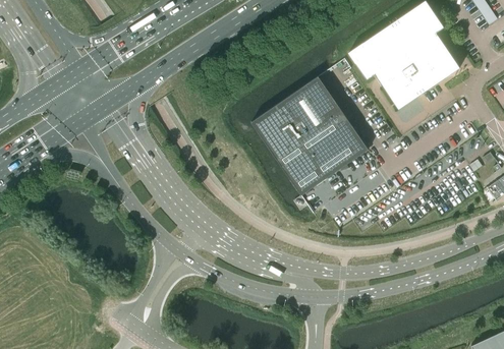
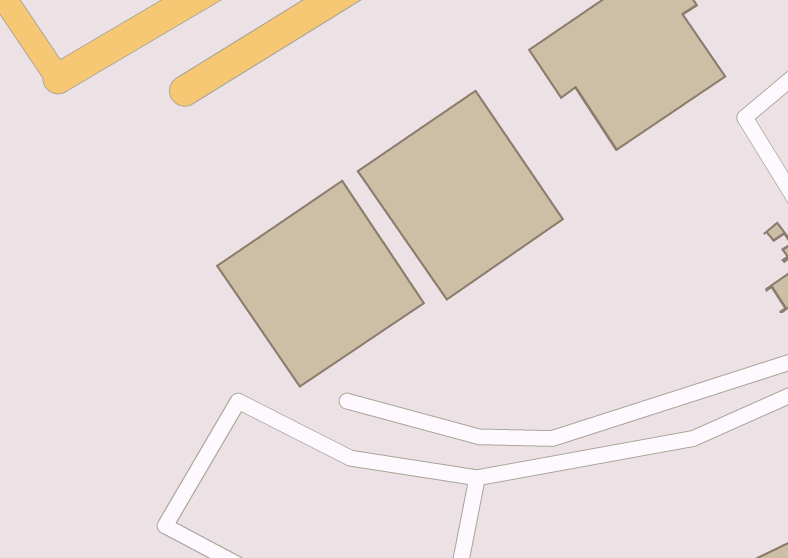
building: none -> [217,181,424,387]

